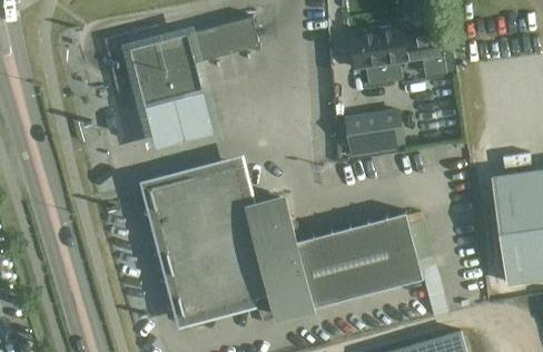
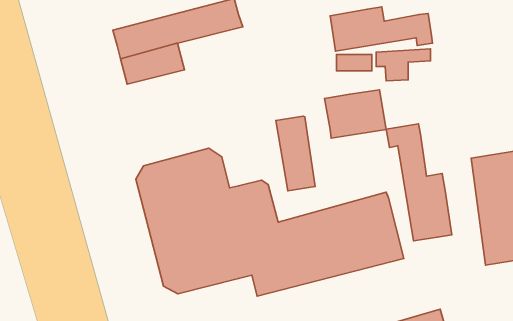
building: [142,89,213,145] -> none
building: none -> [276,116,315,191]
building: none -> [386,124,452,241]

